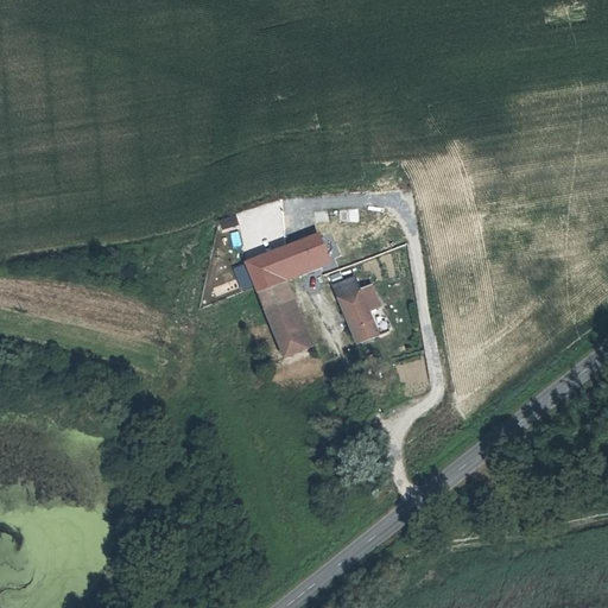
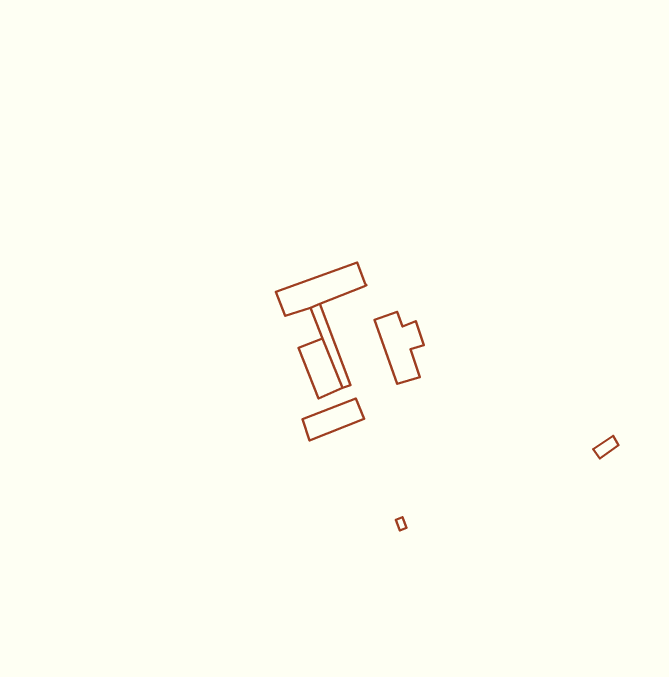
building: [254,274,287,310] -> none
building: none -> [303,399,364,440]

